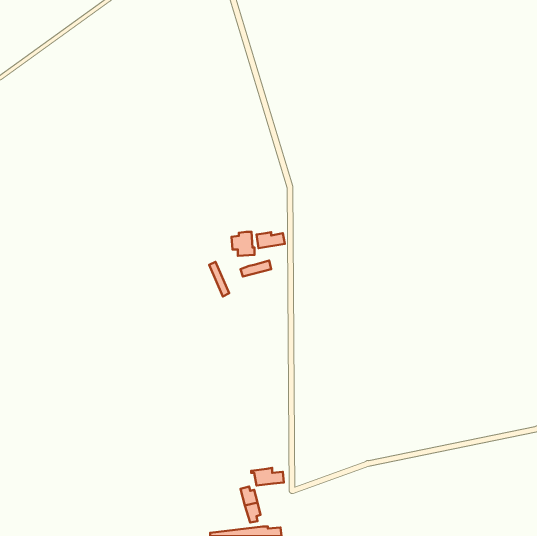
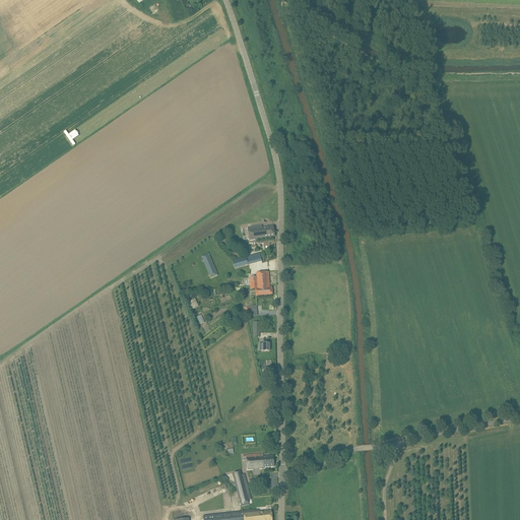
building: [231,232,255,256] -> [250,271,272,295]

